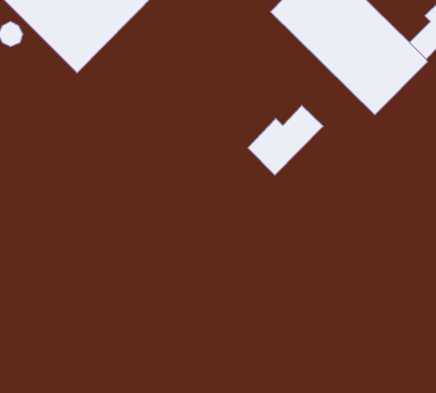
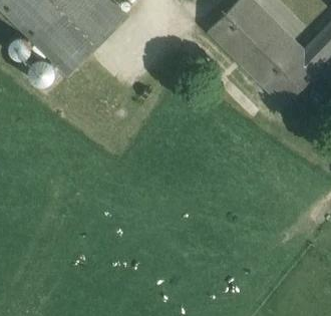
building: [248,105,323,175] -> none

